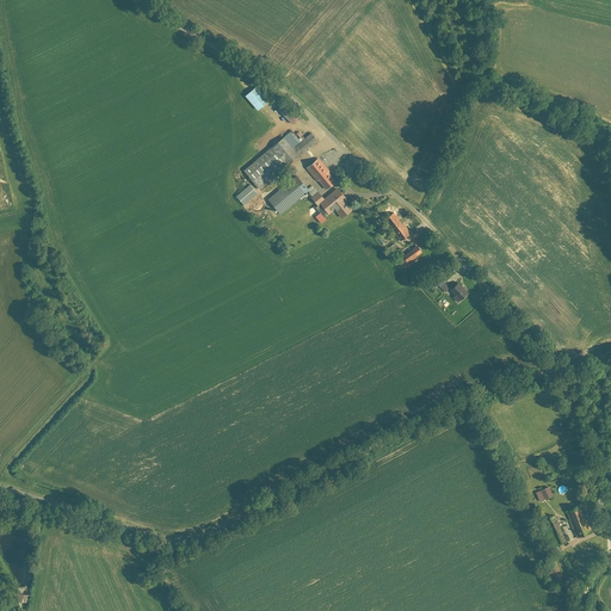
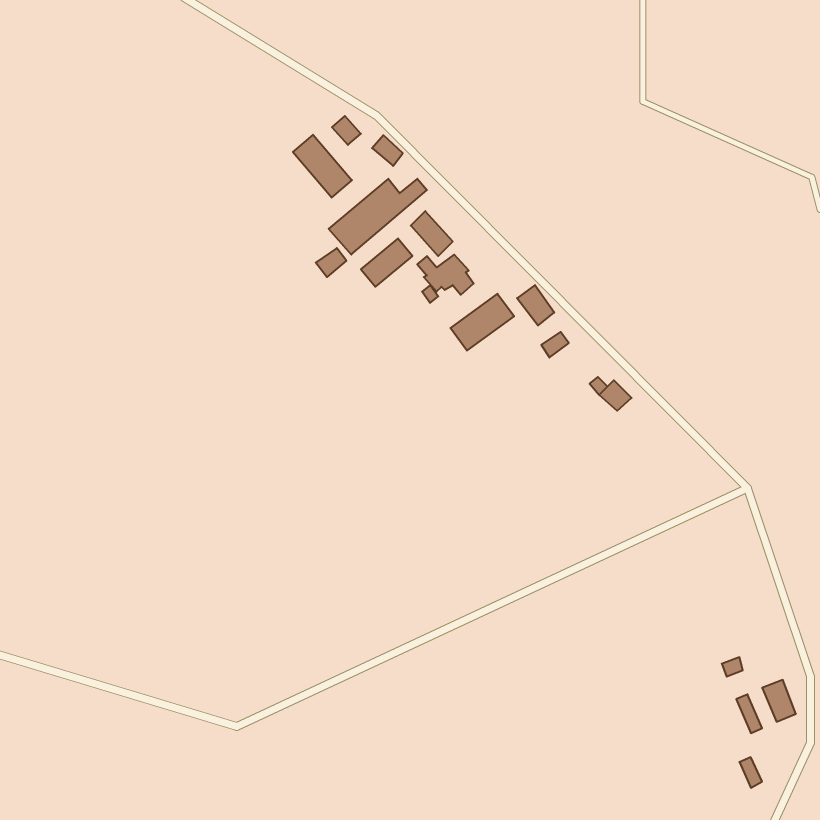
building: none -> [293,135,352,198]
building: none -> [450,294,514,351]

